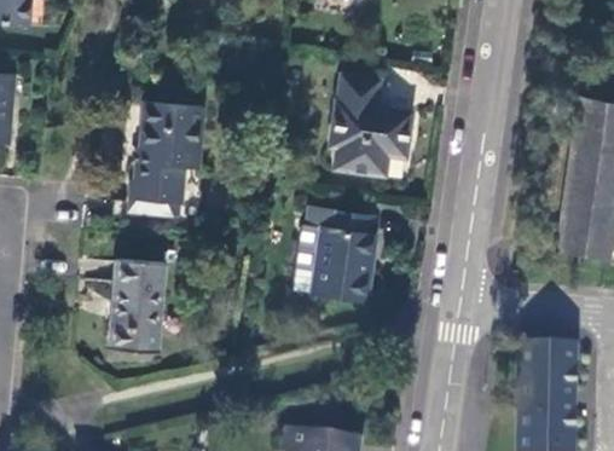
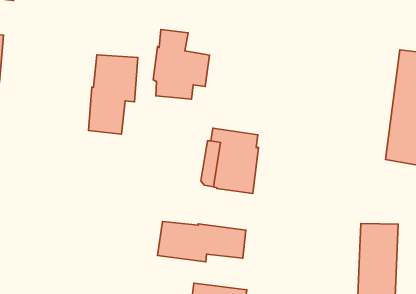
building: [331,75,411,174] -> [153,30,209,99]
building: [111,258,166,349] -> none
building: none -> [157,221,246,262]

